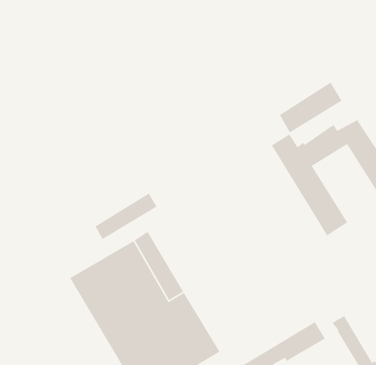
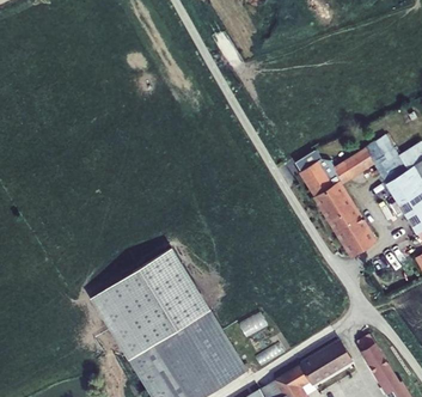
building: [279,81,342,133] -> none
building: [95,192,158,240] -> none

